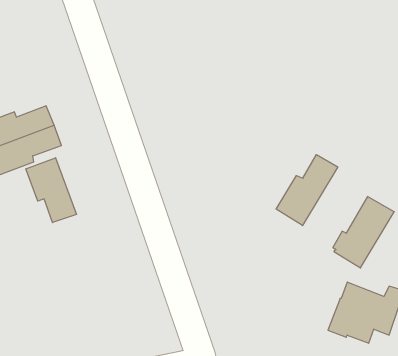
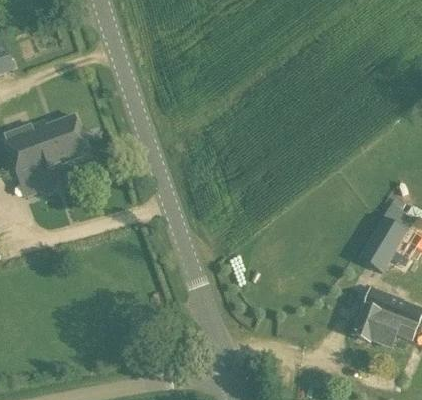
building: [276,155,338,226] -> none
building: [26,158,77,223] -> none

